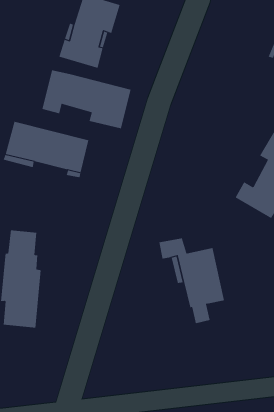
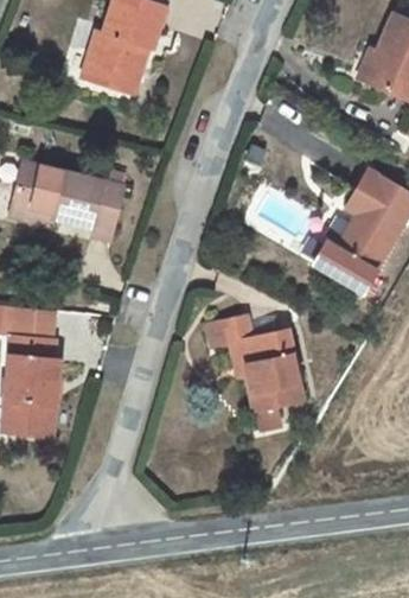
building: [42,69,131,129] -> none

